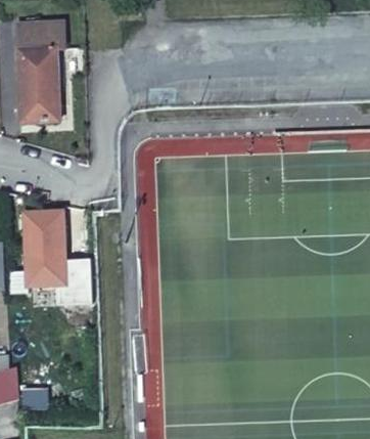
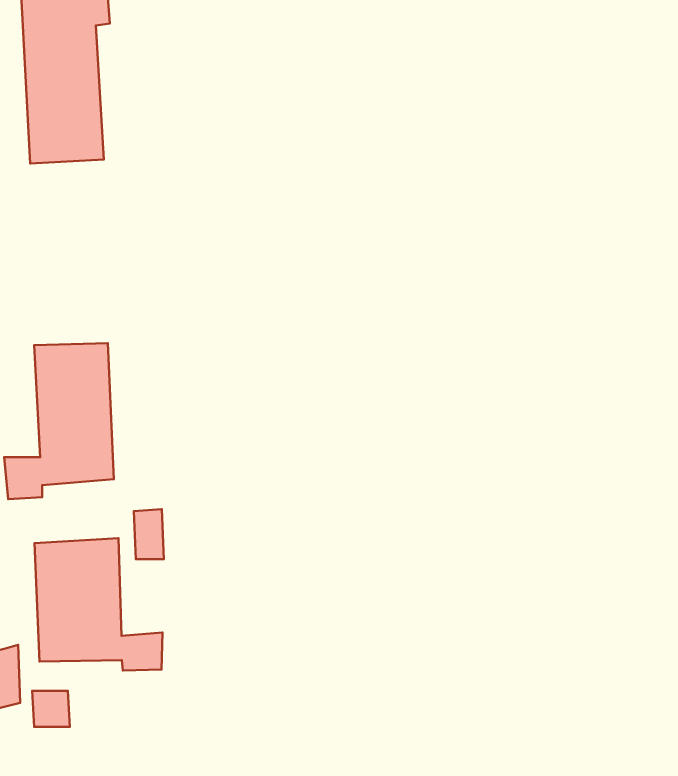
building: none -> [34,538,162,671]

